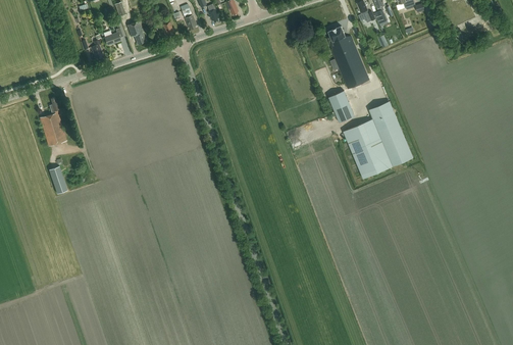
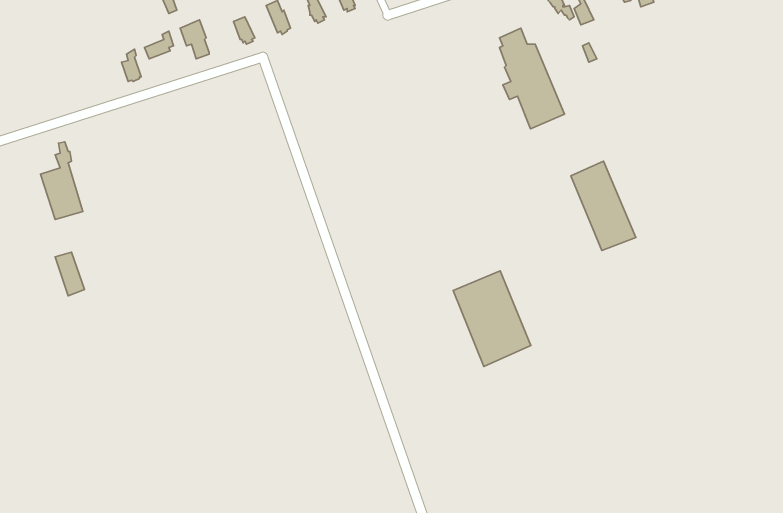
building: [329,90,351,122] -> none
building: [344,118,393,179] -> [453,271,531,367]

